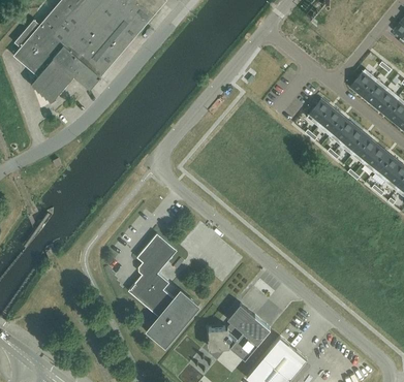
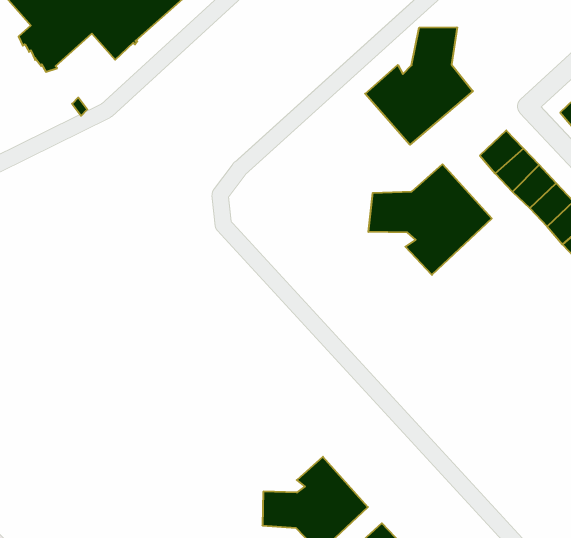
building: none -> [365,27,473,145]
building: none -> [368,164,492,275]
building: [128,234,197,345] -> none

